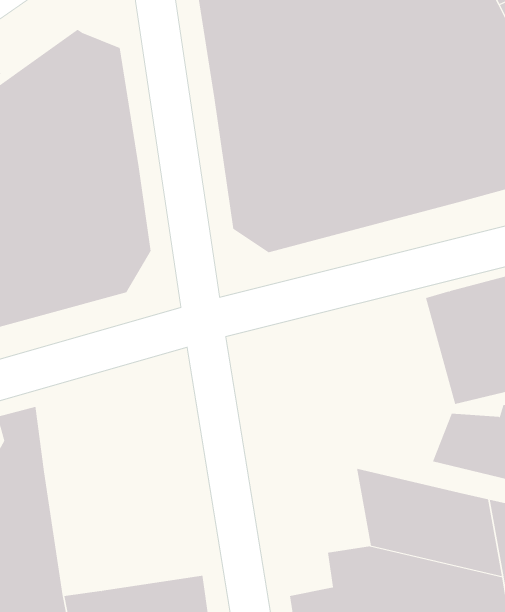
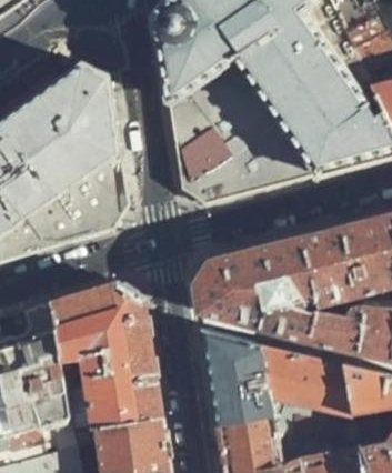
building: none -> [194,234,323,340]
building: none -> [53,284,161,423]
building: none -> [202,329,269,426]

